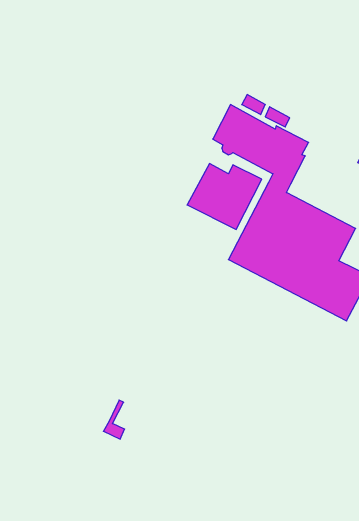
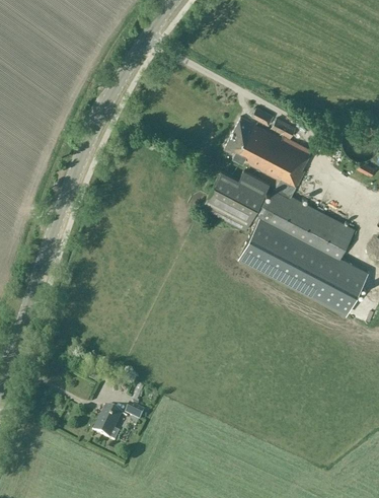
building: none -> [92,408,122,443]

